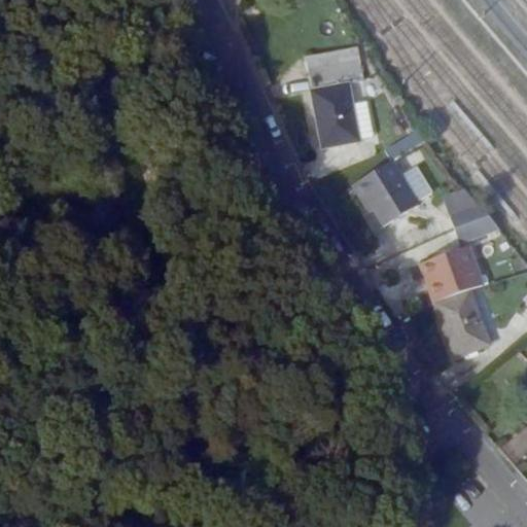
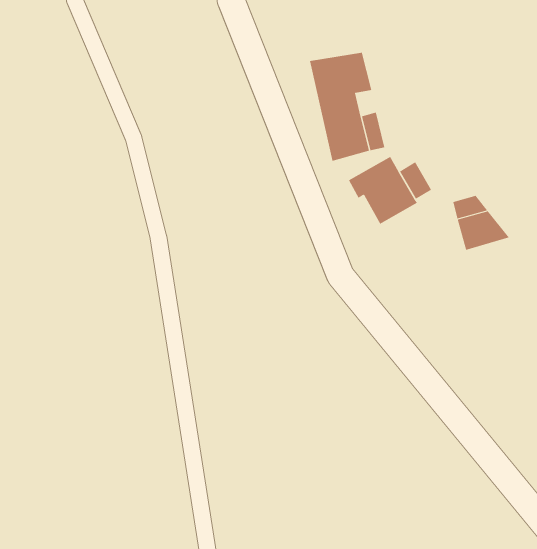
building: [417,248,493,372] -> none

